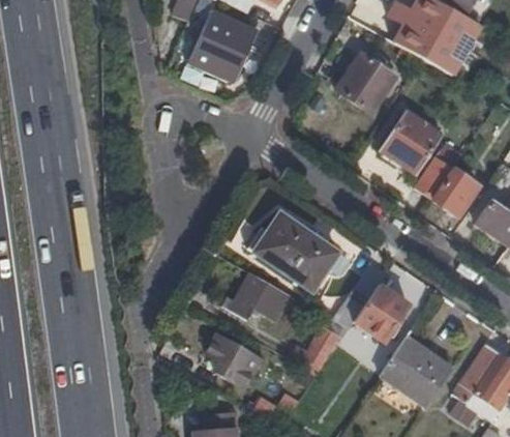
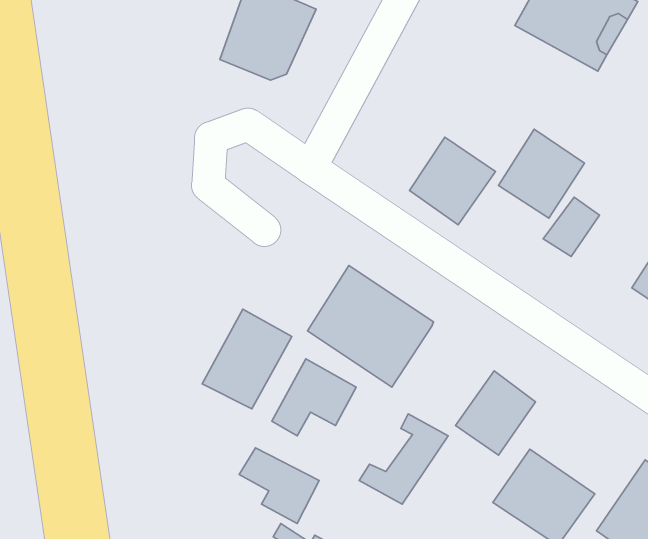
building: [338,52,398,113] -> [409,137,495,225]
building: [434,172,479,217] -> none
building: none -> [202,309,292,409]

